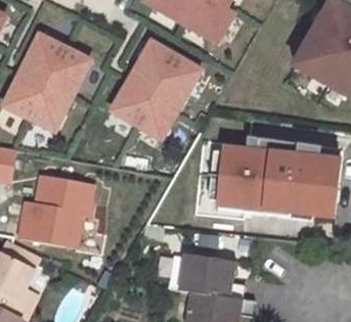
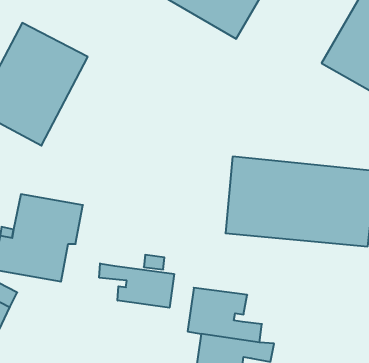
building: [113,38,208,141] -> none
building: none -> [99,263,174,308]

